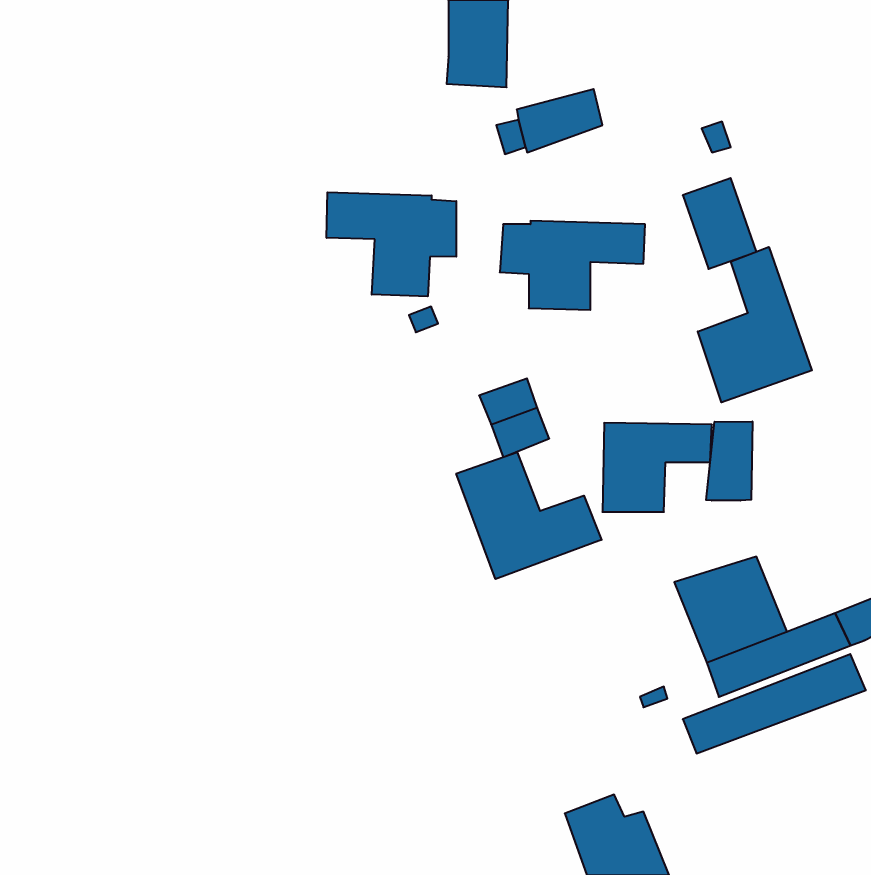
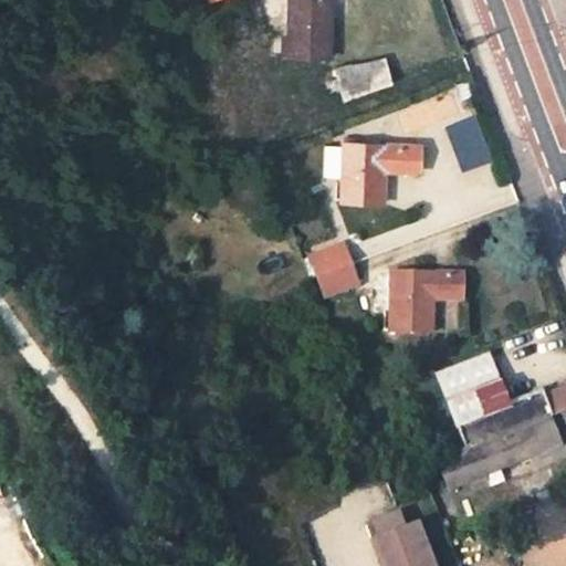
building: [327,192,456,296] -> none
building: [698,247,812,402] -> none
building: [706,421,752,501] -> none
building: [456,452,602,579] -> none

